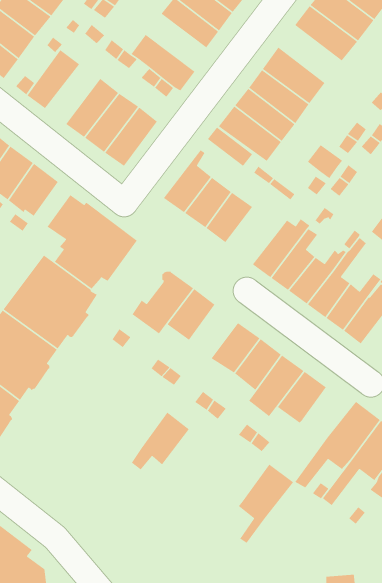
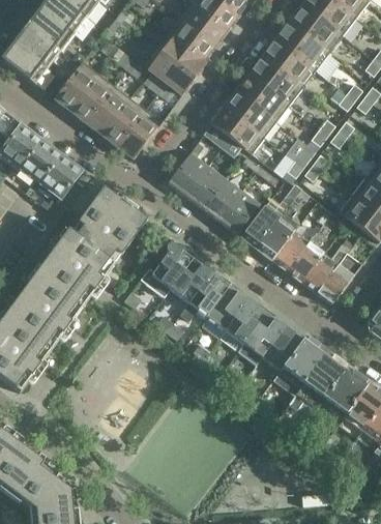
building: none -> [152,31,206,79]
building: none -> [262,40,315,88]
building: none -> [69,72,115,122]
building: none -> [218,191,259,234]
building: [131,412,190,470] -> [180,271,229,320]
building: [238,464,294,544] -> [280,336,326,402]

